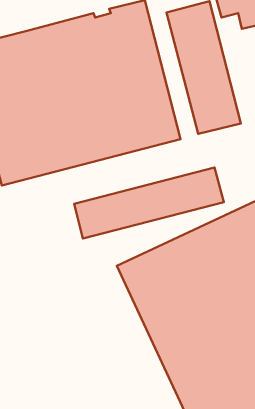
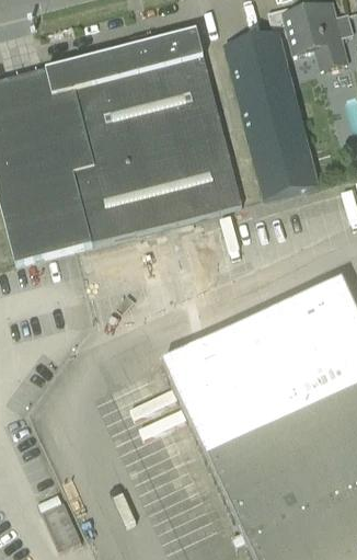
building: [74,168,224,239] -> none

